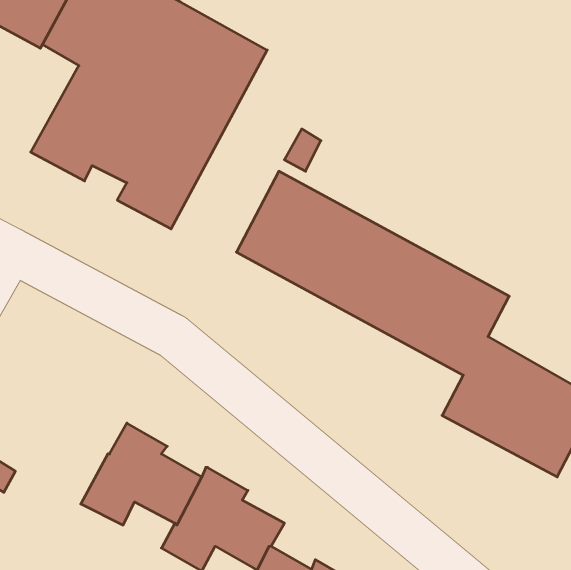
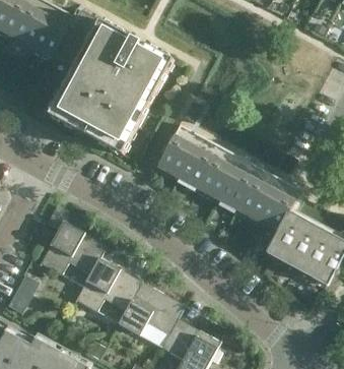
building: none -> [38,221,102,274]

